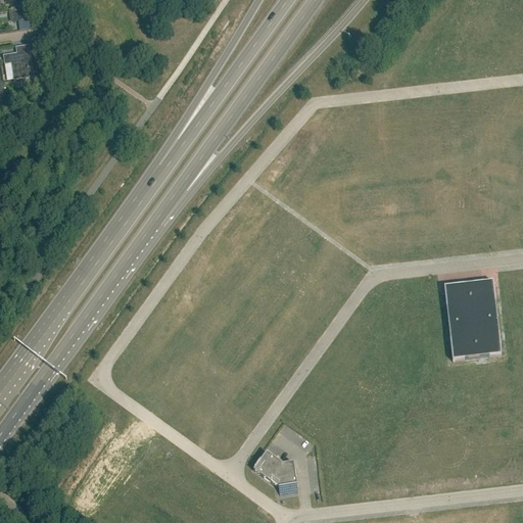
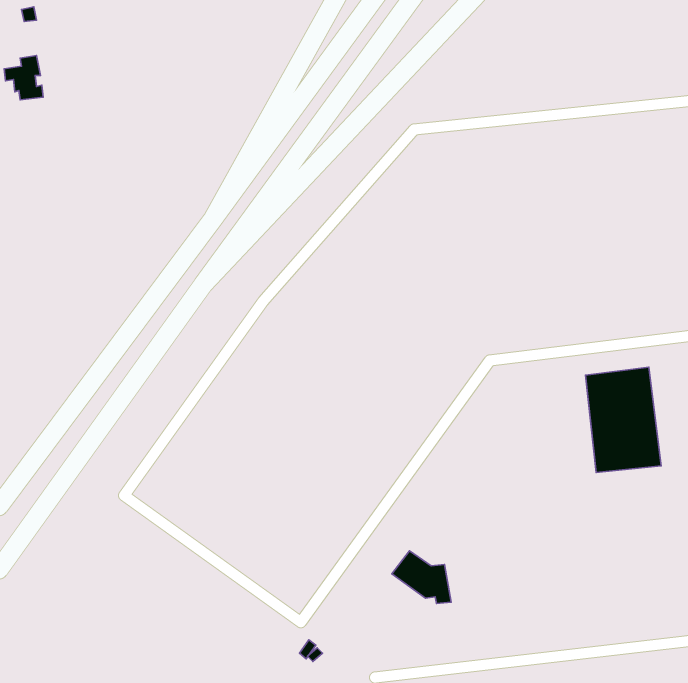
building: [252,449,297,489] -> [392,551,451,604]

